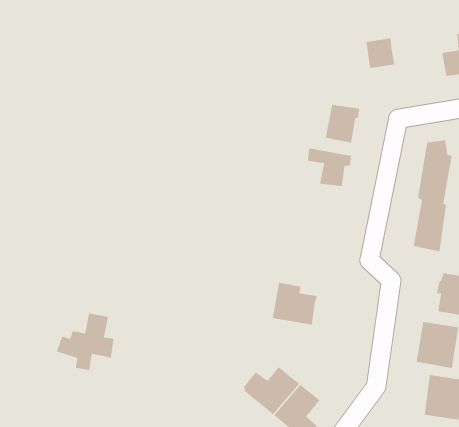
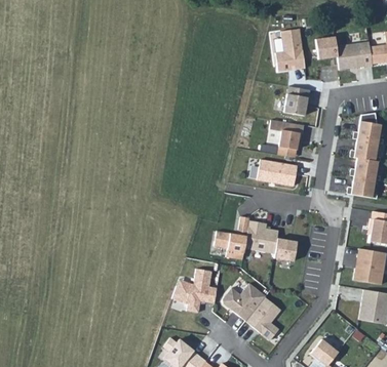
building: none -> [275,28,306,71]
building: none -> [336,40,374,69]
building: none -> [258,159,298,185]
building: none -> [215,215,249,258]
building: none -> [274,237,297,260]
building: [56,312,114,371] -> [172,268,217,312]

